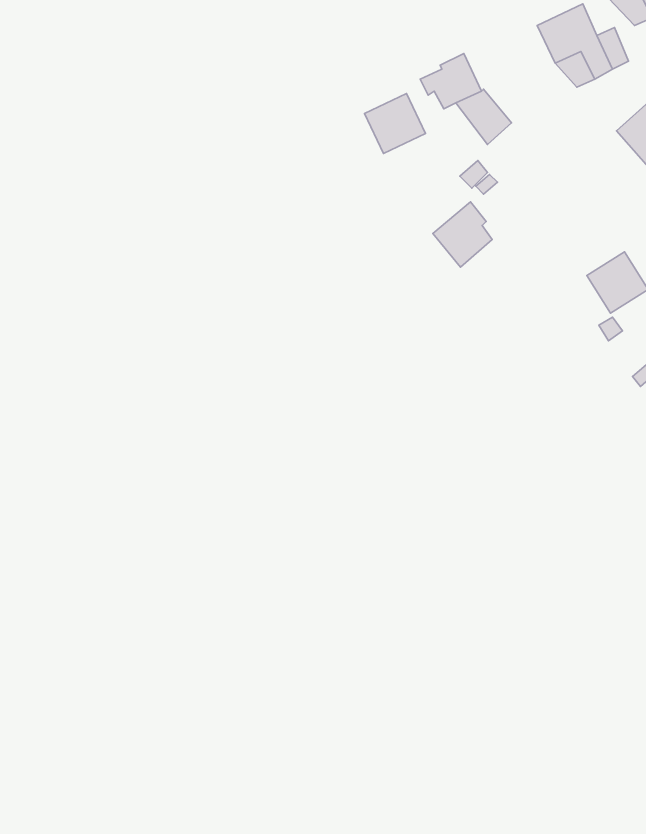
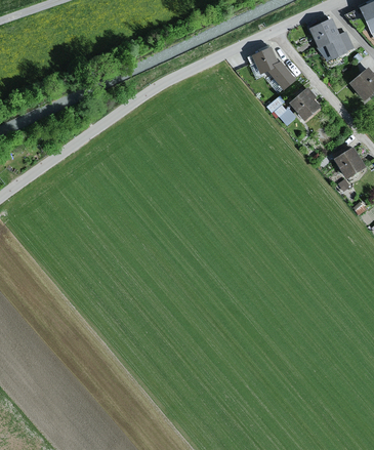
building: [364,94,425,153] -> none
building: [433,202,492,267] -> [286,86,317,120]

